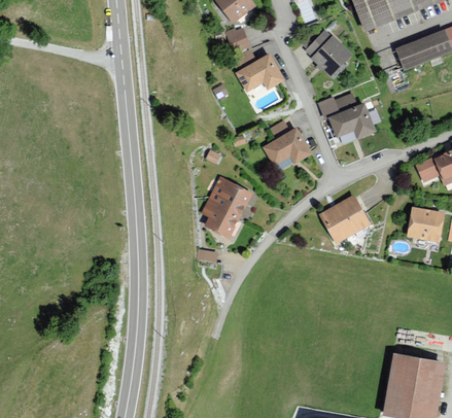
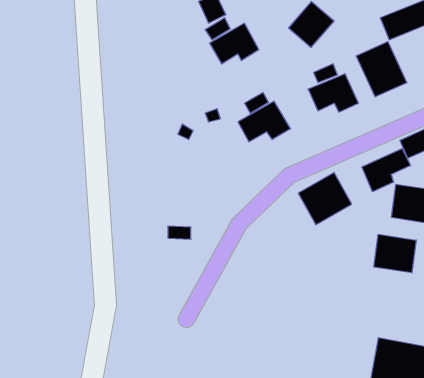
building: none -> [356,42,407,97]
building: none -> [362,148,410,192]
building: [202,177,253,240] -> none
building: none -> [374,234,416,273]

